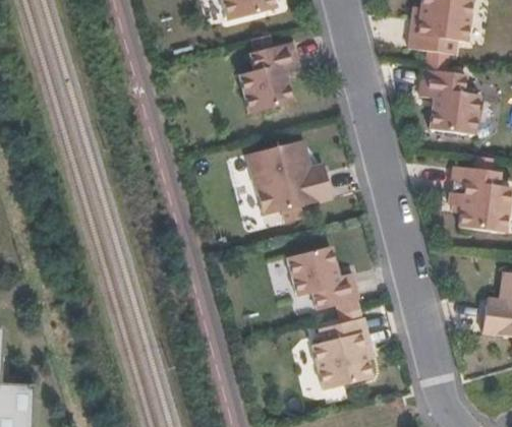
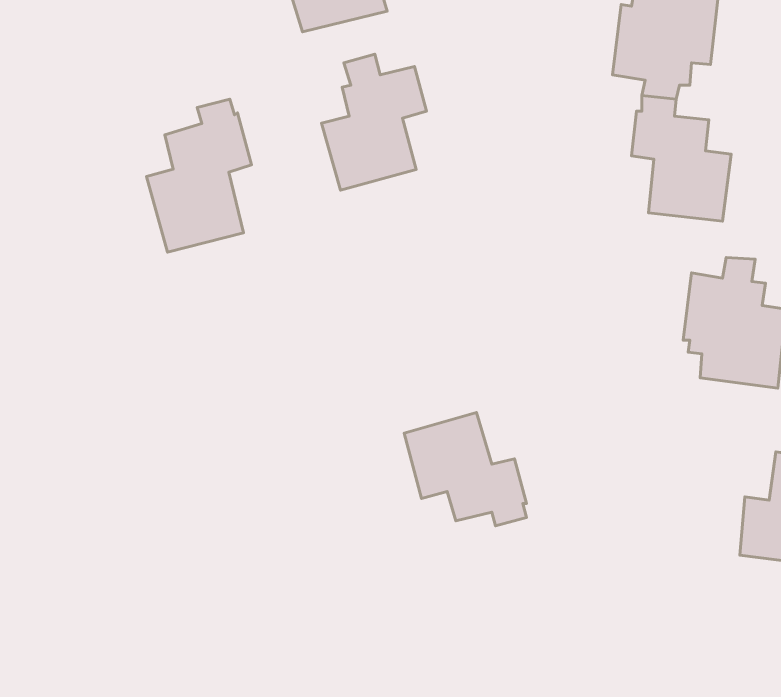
building: none -> [146,99,252,252]
building: [244,140,333,223] -> none
building: [312,308,375,390] -> none

